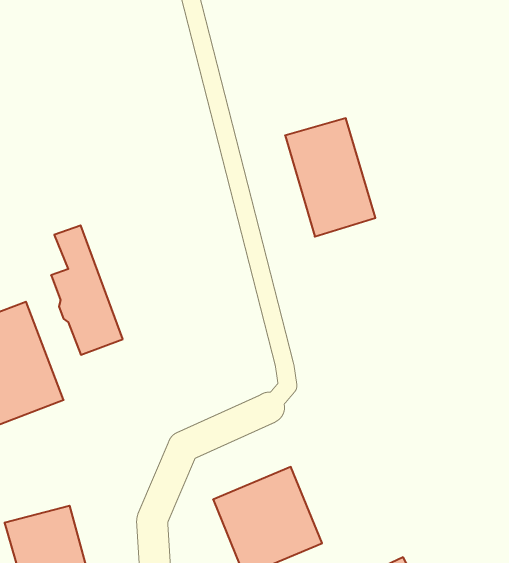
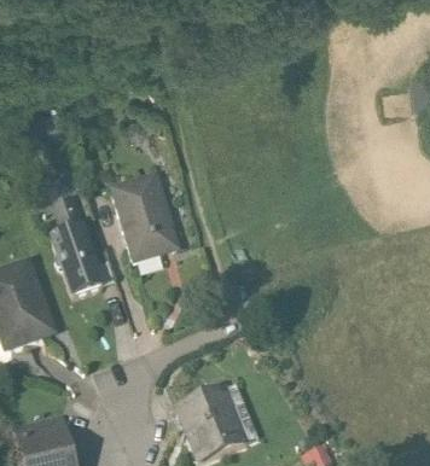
building: [285,118,375,237] -> [110,173,180,264]

